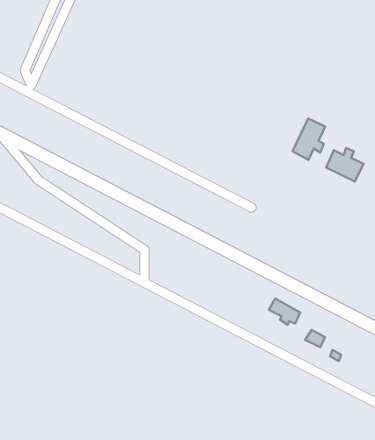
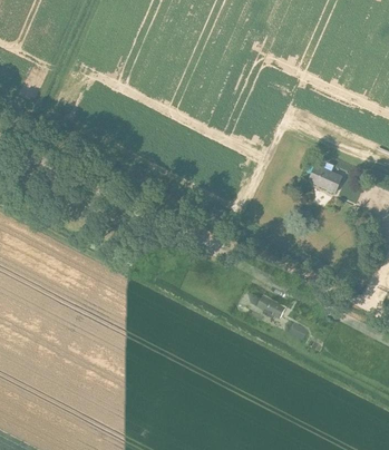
building: [293,119,325,160] -> none

